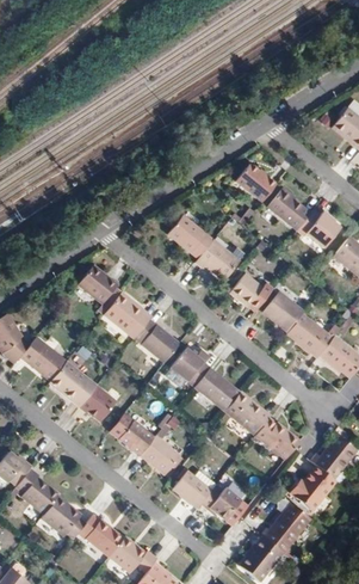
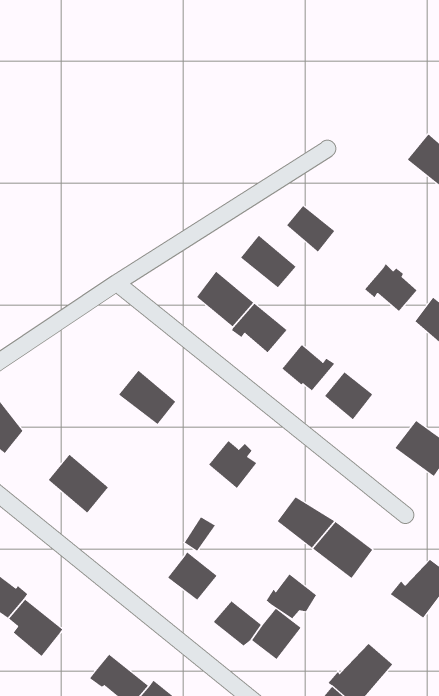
building: [265,188,309,229] -> [240,235,297,288]
building: [75,263,122,314] -> none
building: [285,312,335,358] -> none
building: [134,318,179,362] -> none
building: [18,333,64,379] -> none
building: [196,365,241,411] -> none
building: [79,385,114,420] -> none
building: [110,413,154,455] -> none
building: none -> [266,573,317,619]
building: [299,474,341,516] -> none
building: [41,499,85,541] -> none

